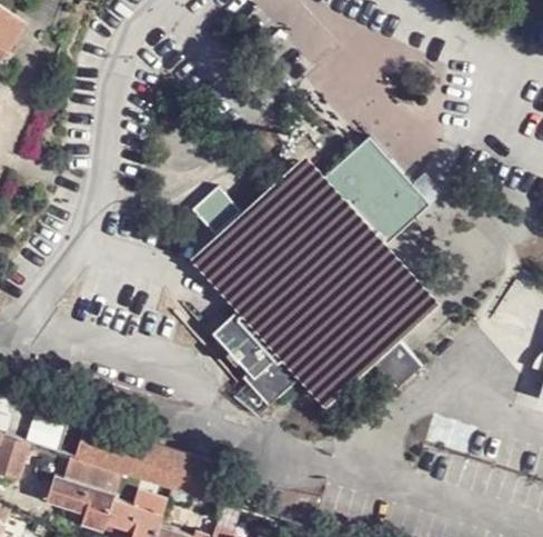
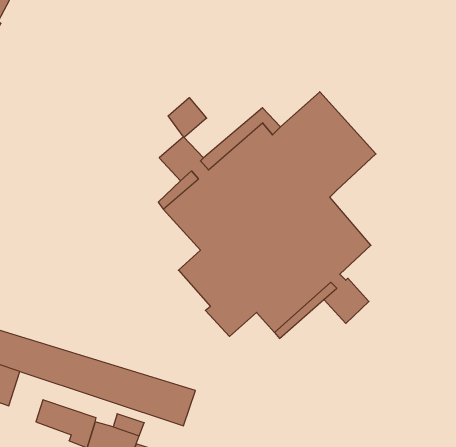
building: none -> [168,98,207,137]
building: [374,245,435,345] -> none

